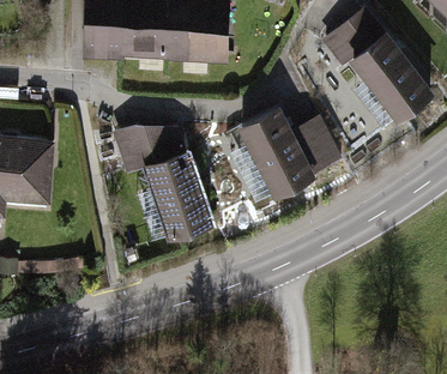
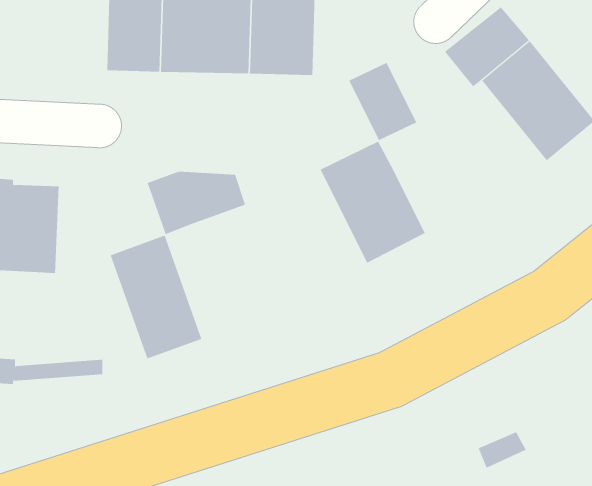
building: [290,115,339,171] -> [348,62,417,141]
building: [144,151,210,240] -> [110,235,202,359]

